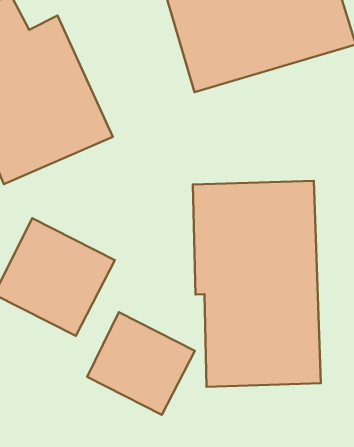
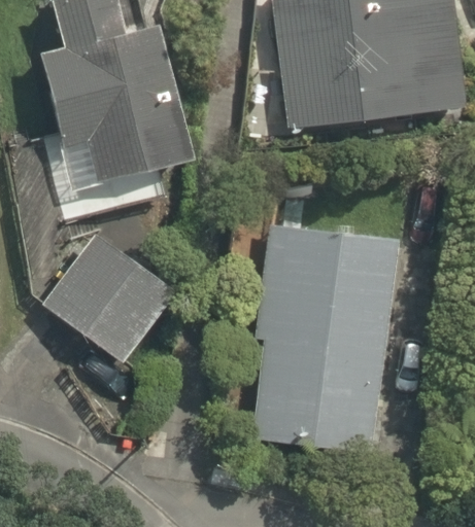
building: [87,312,195,415] -> none

